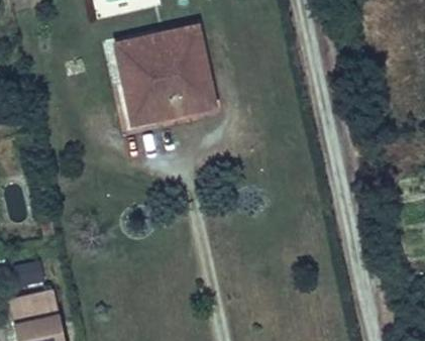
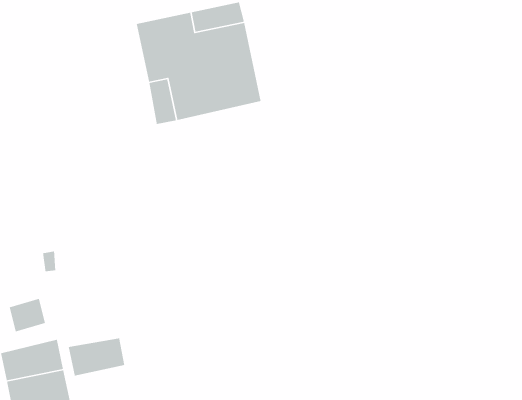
building: none -> [68,338,125,377]

